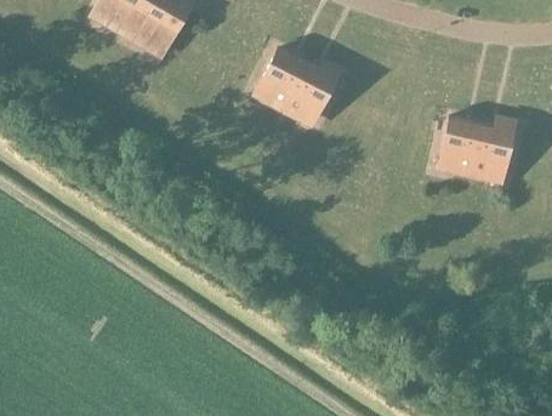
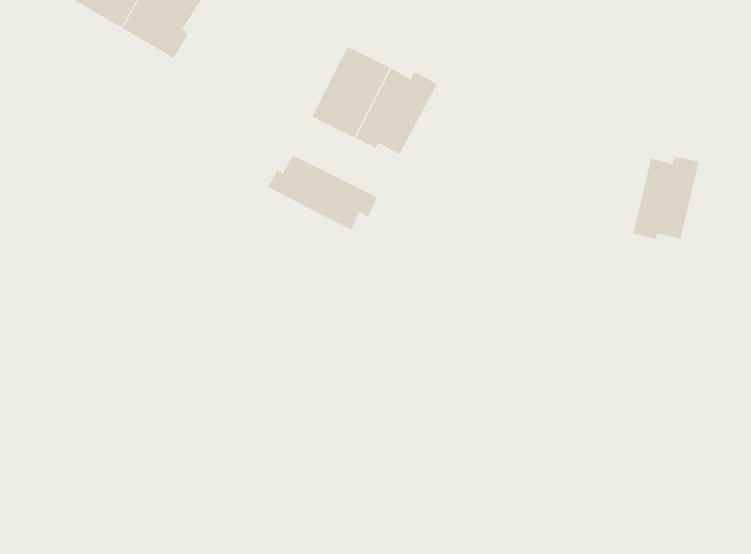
building: [439,116,483,175] -> none
building: none -> [268,155,378,230]

